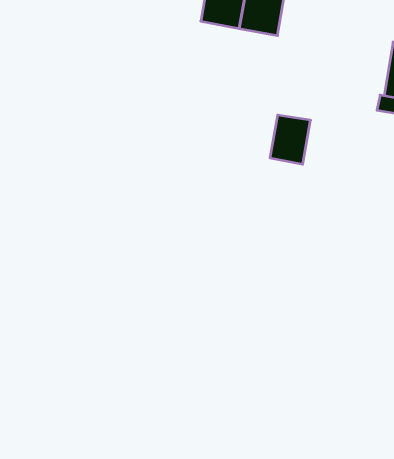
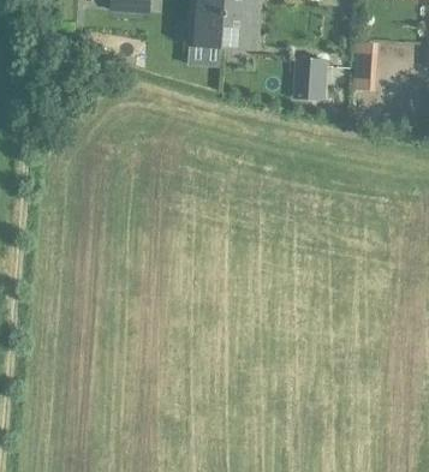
building: [270,115,311,164] -> [294,59,326,98]

